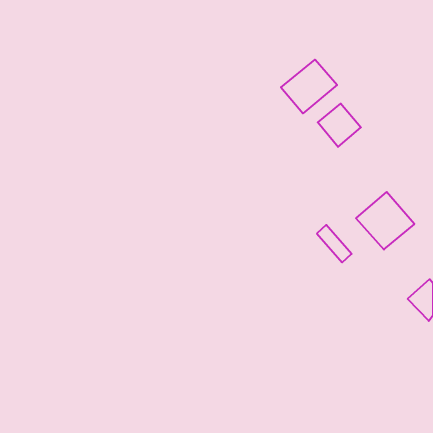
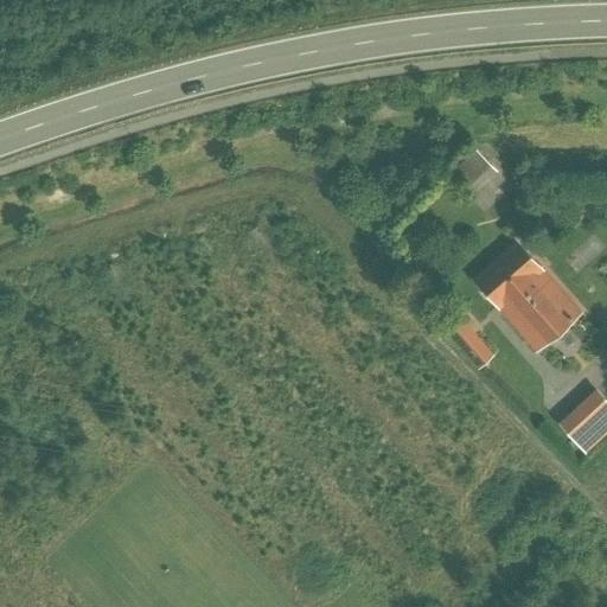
building: [281,60,337,113] -> none
building: none -> [475,243,541,305]

